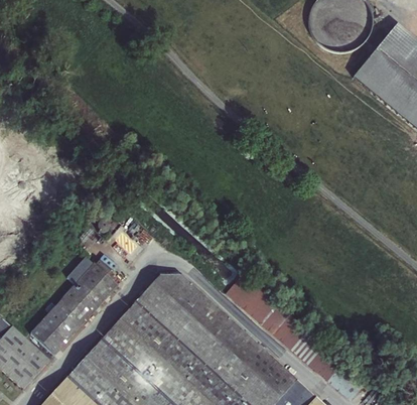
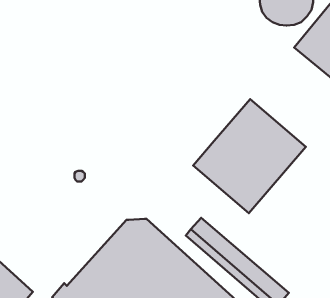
building: none -> [193,99,306,213]
building: [31,257,118,356] -> none

